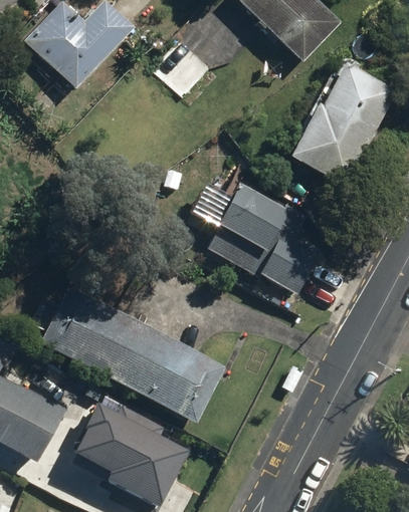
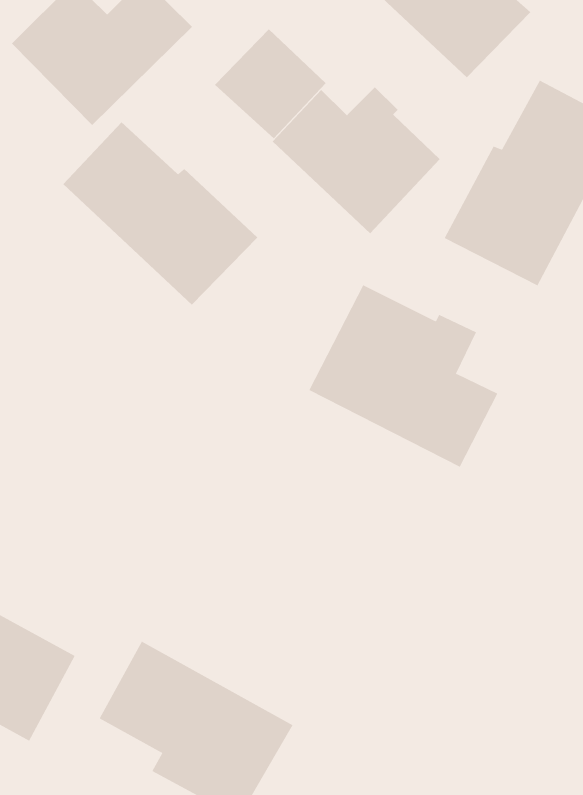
building: none -> [272,86,440,234]
building: none -> [63,122,258,306]
building: [40,287,225,423] -> none

